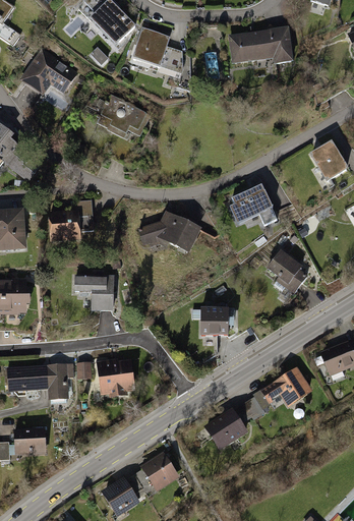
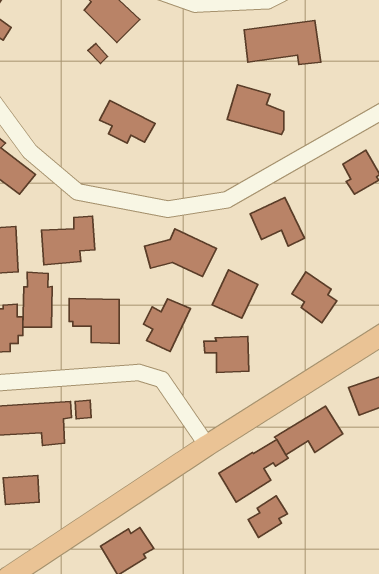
building: [131,30,181,73] -> [227,85,284,135]
building: [17,48,77,97] -> none
building: none -> [212,270,258,318]
building: none -> [23,272,52,327]
building: none -> [144,299,190,351]
building: [95,356,135,397] -> none
building: none -> [248,496,287,538]
building: [134,449,179,491] -> none

